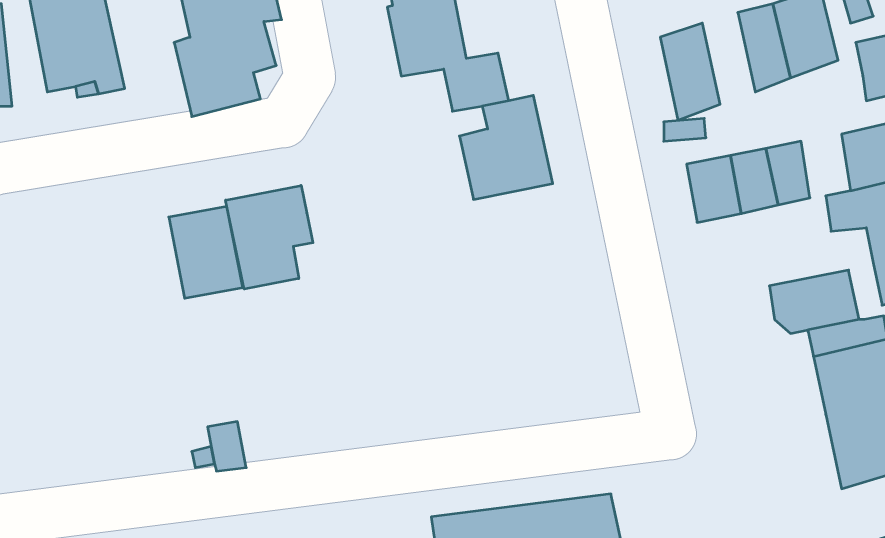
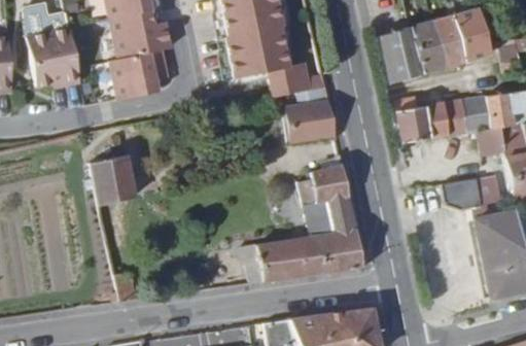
building: none -> [417,31,448,84]
building: none -> [475,102,503,139]
building: [226,185,313,289] -> none
building: none -> [246,159,356,283]

